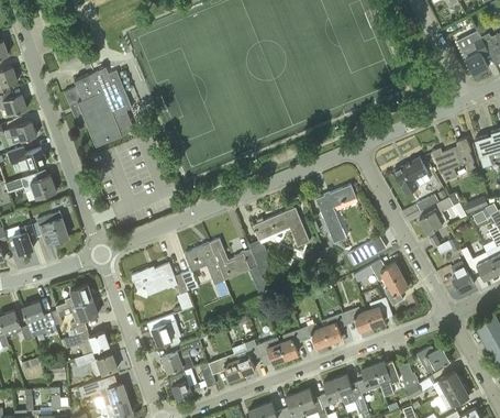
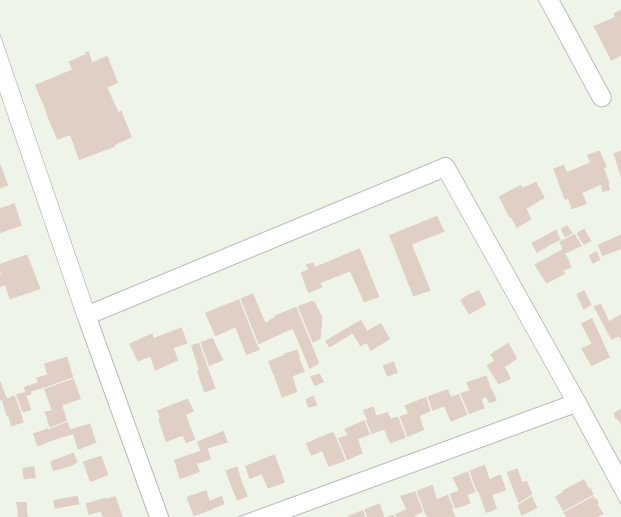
building: [354,260,401,283] -> [324,319,391,352]
building: [233,339,260,374] -> [267,349,306,398]
building: [416,345,451,372] -> none

